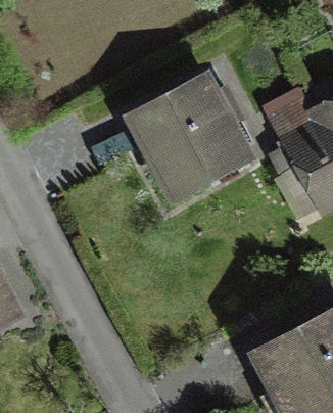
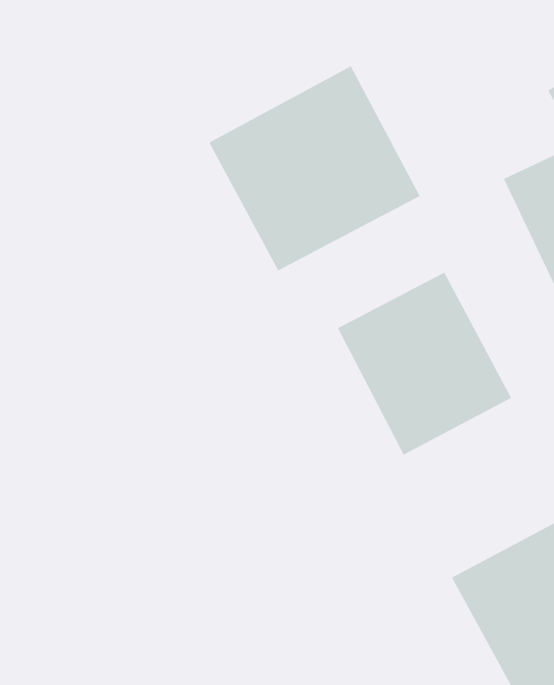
building: none -> [337,272,512,456]

